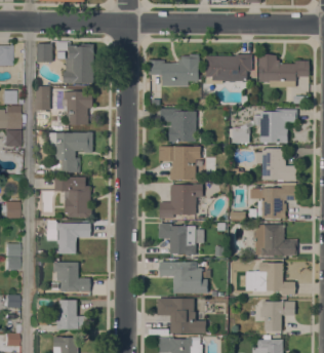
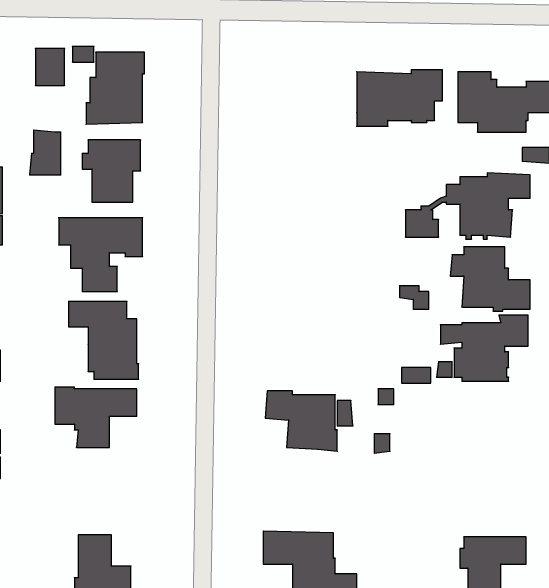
building: [148,54,199,86] -> none
building: [160,109,196,142] -> none
building: [159,146,201,180] -> none
building: [159,184,203,219] -> none
building: [253,225,297,256] -> none
building: [53,262,90,291] -> none
building: [159,262,208,293] -> none
building: [245,262,295,296] -> none

